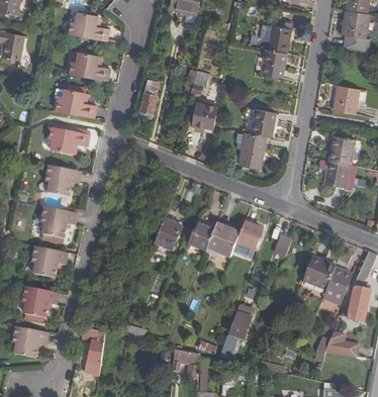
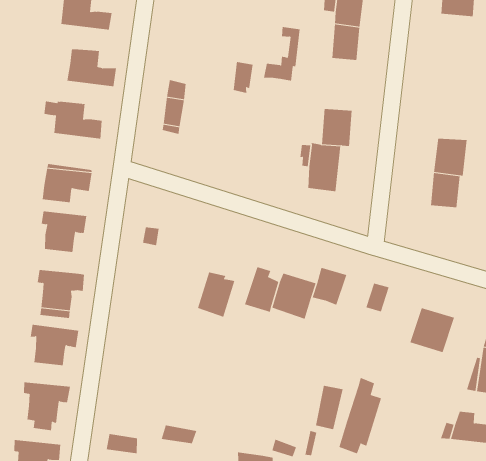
building: [332,85,358,114] -> none
building: [190,89,219,128] -> [263,26,300,81]
building: [317,259,351,313] -> [339,377,382,454]

